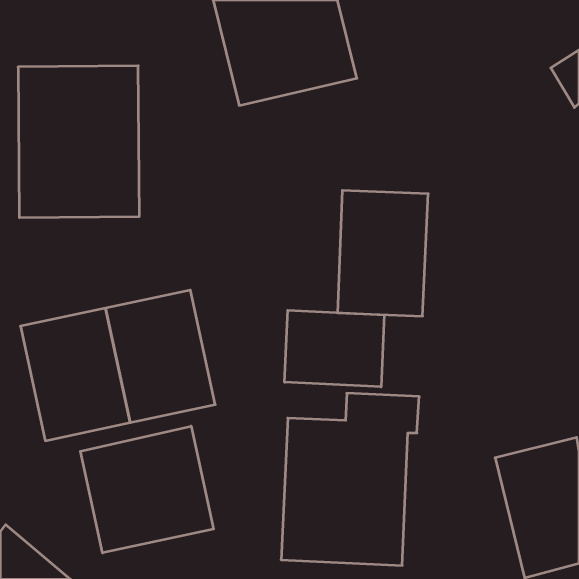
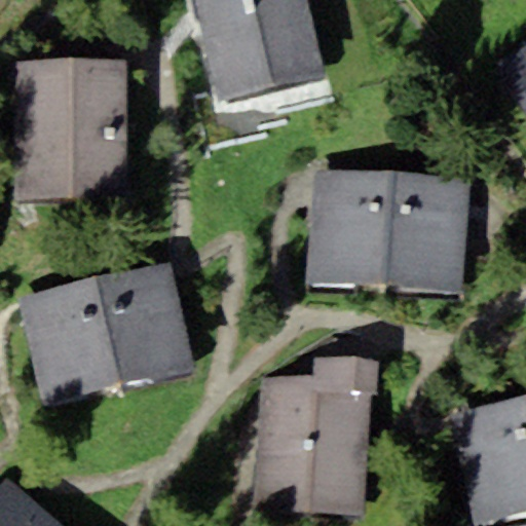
building: none -> [383,176,471,290]
building: [285,310,384,387] -> none
building: [80,426,214,553] -> none

